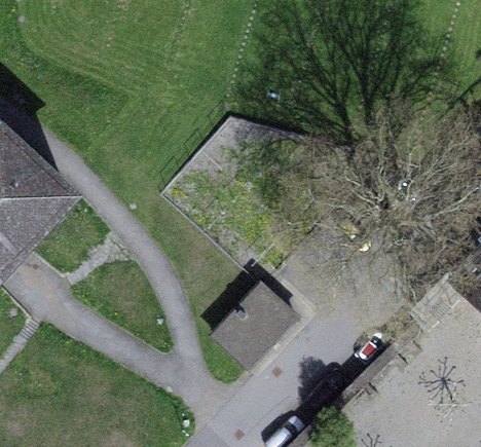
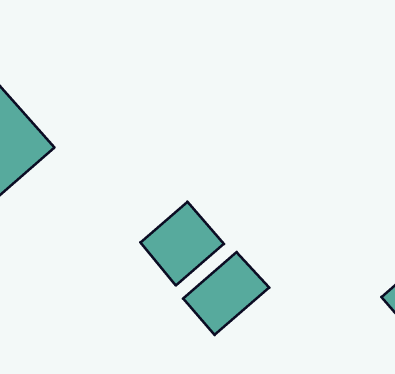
building: none -> [140,202,224,285]

